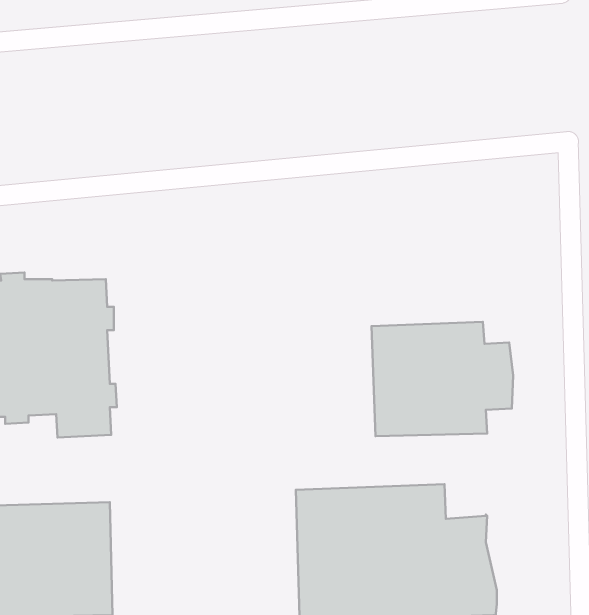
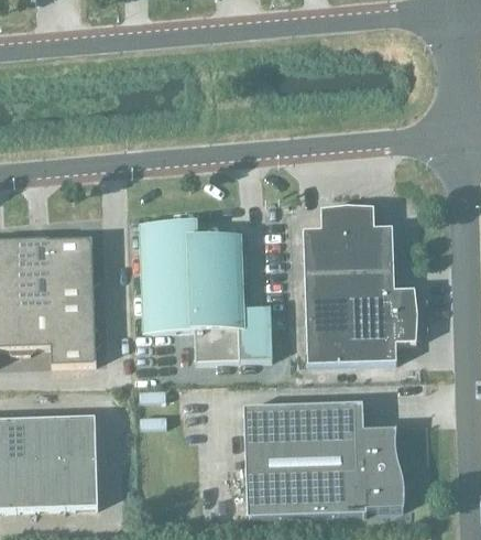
building: none -> [303,205,393,274]
building: none -> [144,222,272,360]

